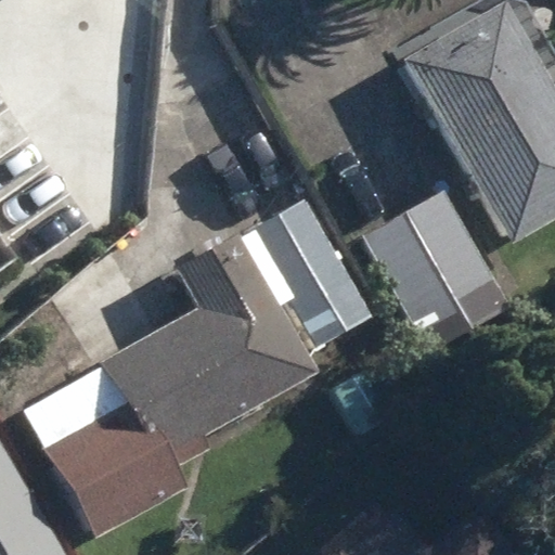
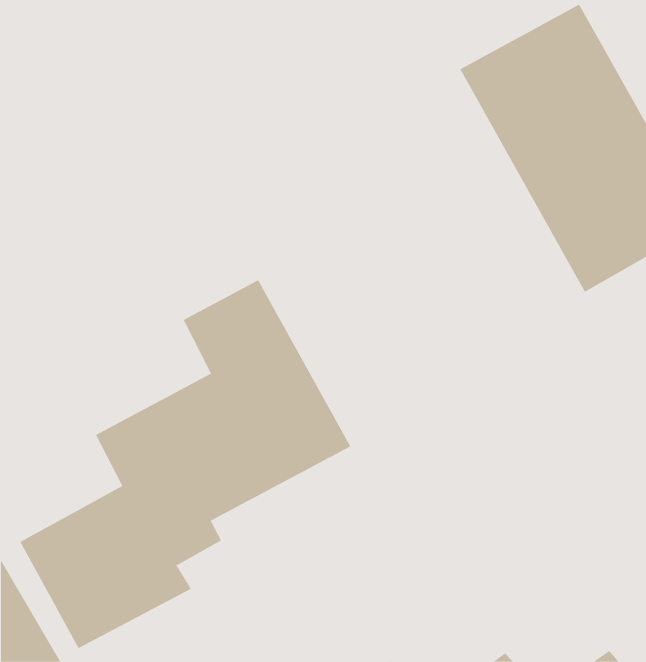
building: [362,192,507,352] -> none
building: [248,201,366,345] -> none

